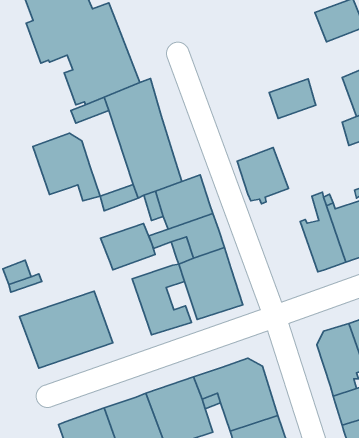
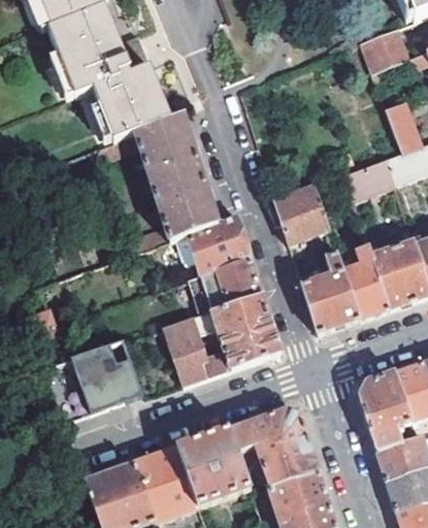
building: [269,79,316,119] -> [344,159,394,201]
building: [33,133,100,201] -> none
building: none -> [302,254,360,331]
building: [101,223,155,270] -> none

